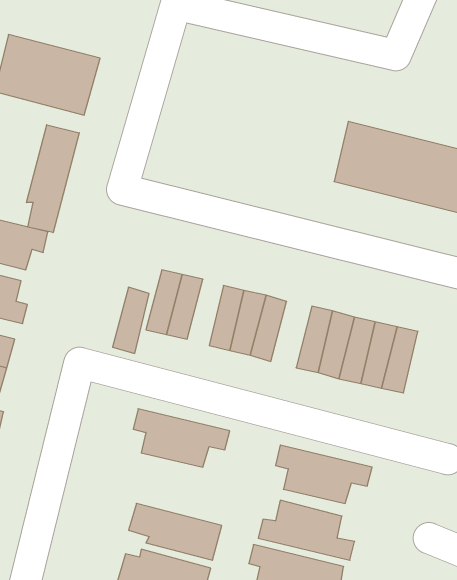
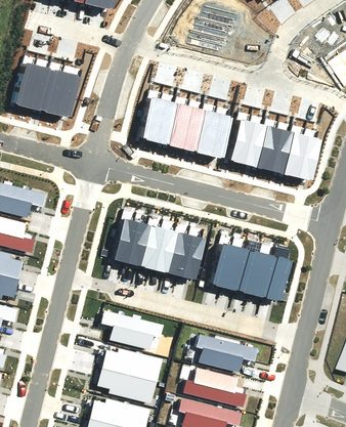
building: none -> [137,99,229,159]
building: [27,125,79,233] -> none
building: [113,287,149,353] -> [135,223,159,266]
building: none -> [102,348,164,383]

